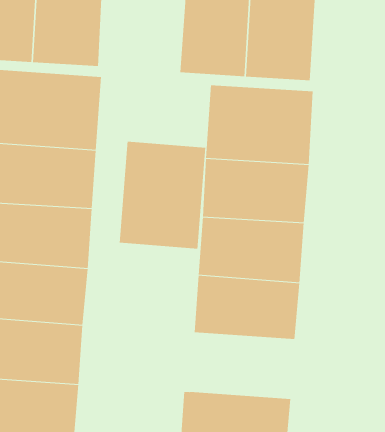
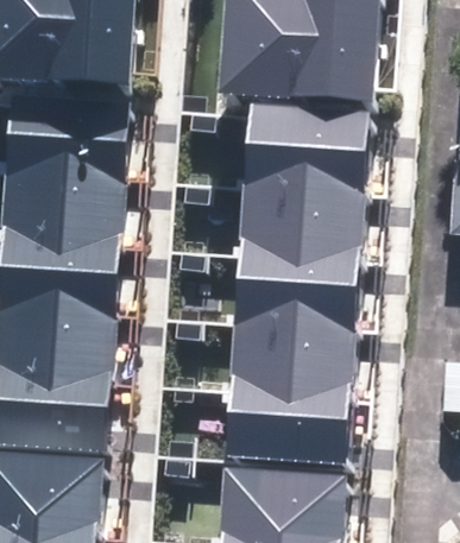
building: [119,141,206,249] -> none
building: none -> [232,394,354,472]

